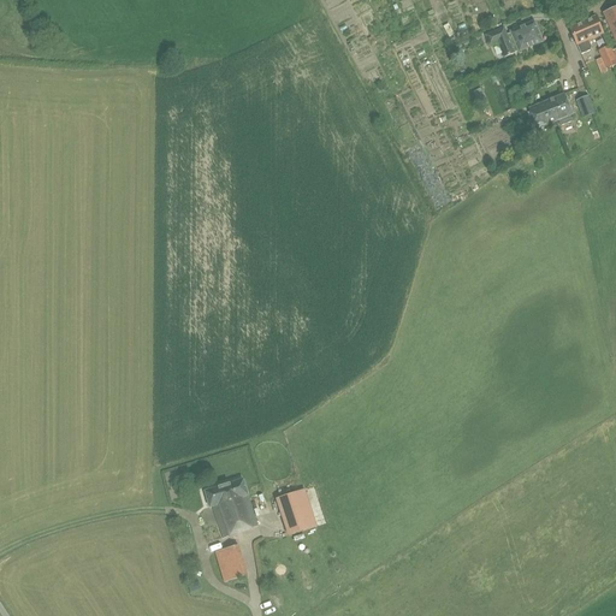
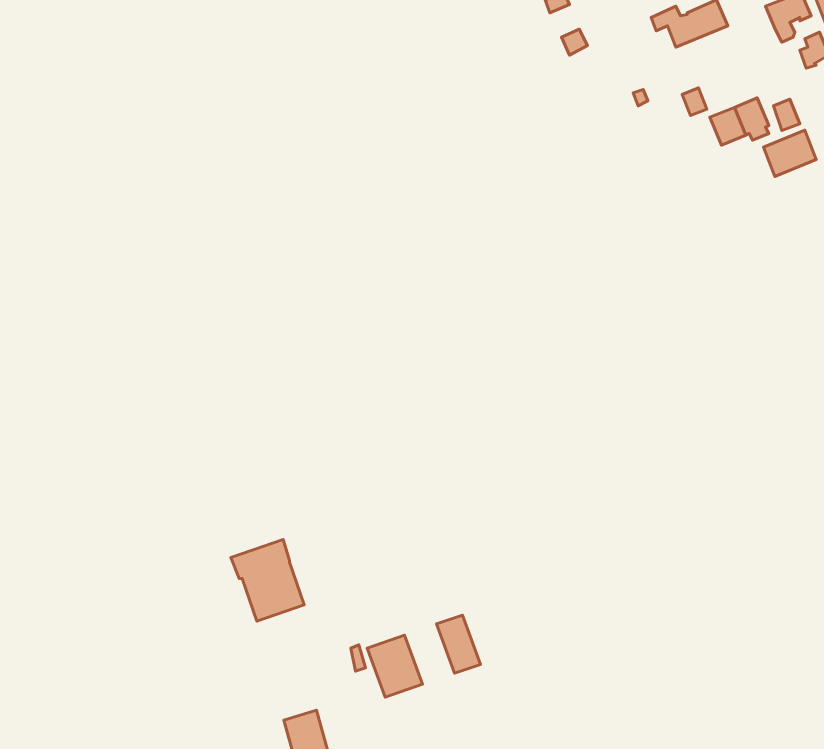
building: none -> [764,130,816,177]
building: none -> [437,615,480,673]
building: [205,476,259,537] -> [231,539,304,621]

